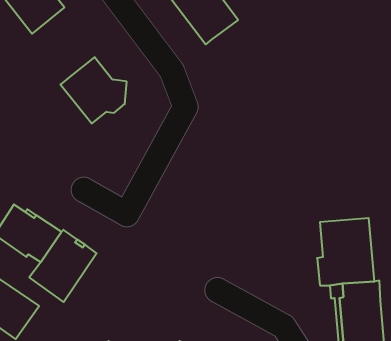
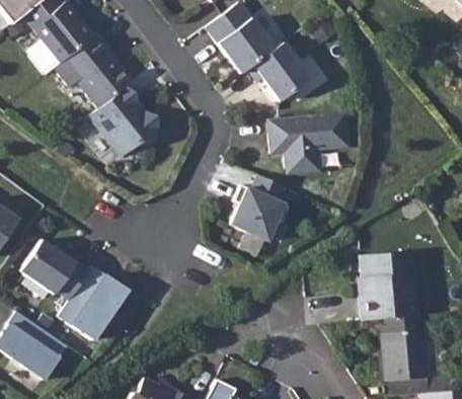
building: none -> [56,31,135,106]
building: none -> [248,42,310,100]
building: none -> [270,110,350,172]
building: none -> [231,173,291,240]

